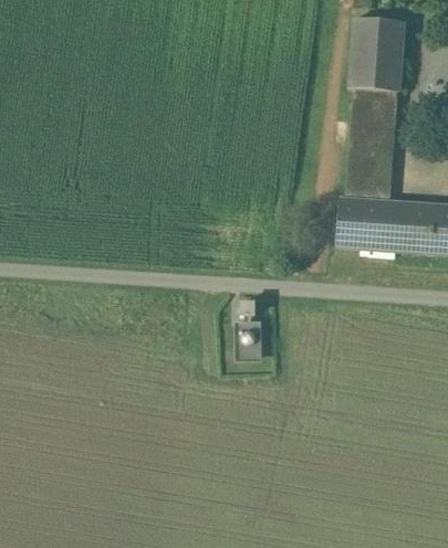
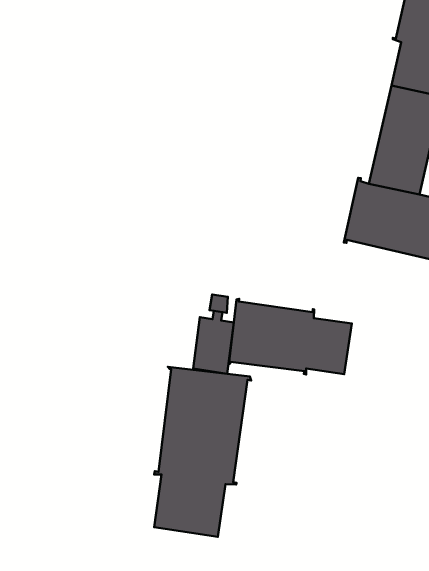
building: none -> [229,299,352,374]
building: none -> [154,367,251,537]

